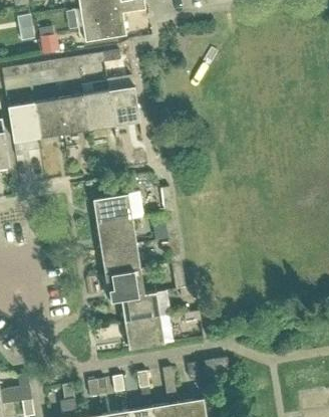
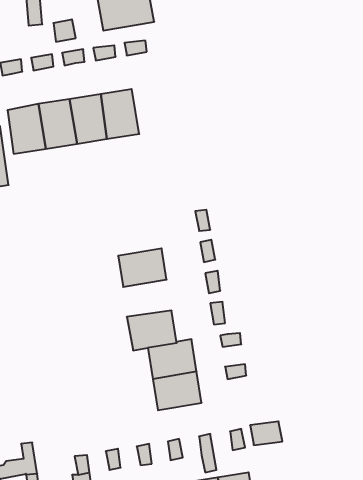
building: [107,85,138,126] -> none
building: [91,191,142,224] -> none
building: [100,243,139,273] -> none

